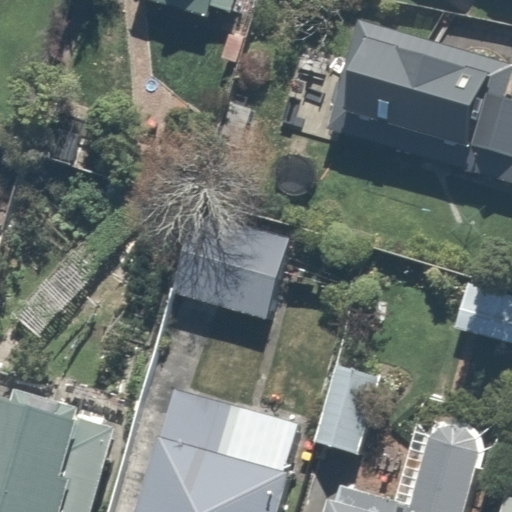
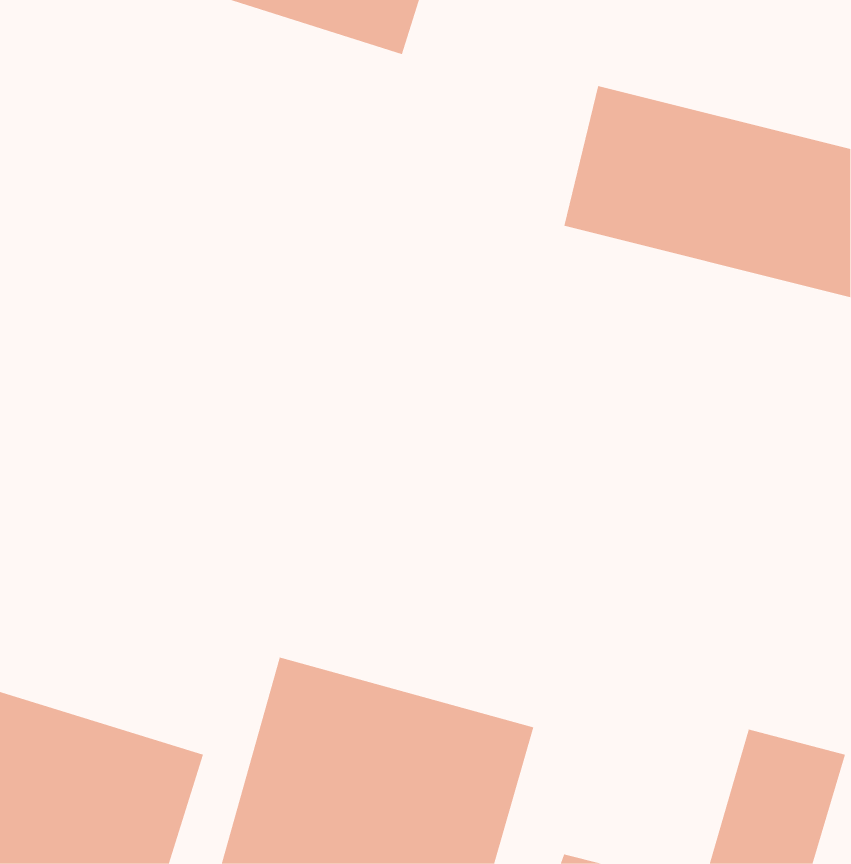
building: [167,196,293,321] -> none

